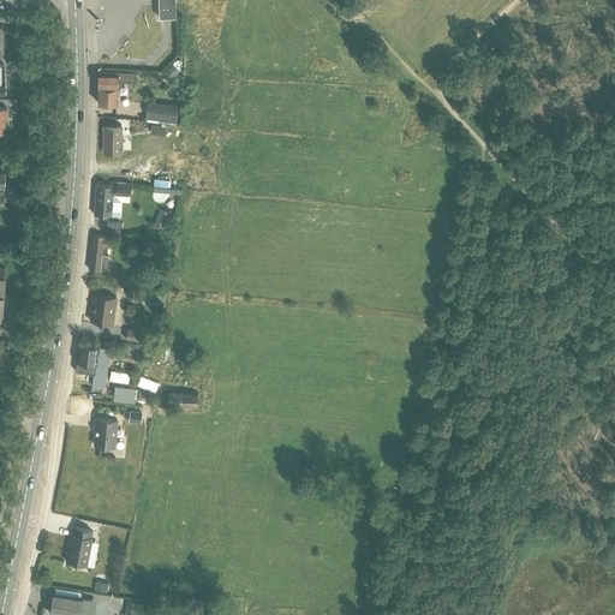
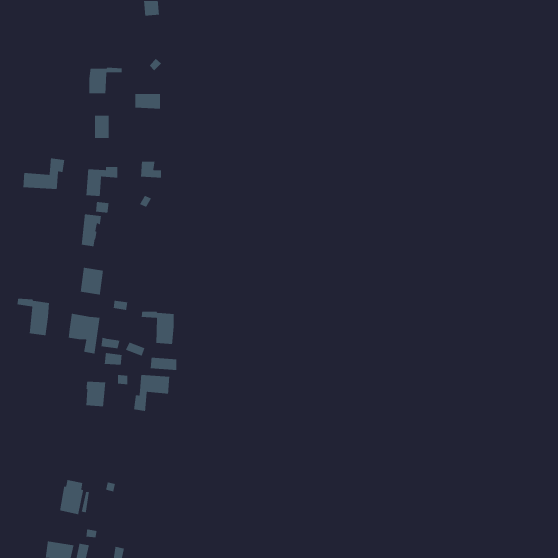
building: none -> [22,158,65,190]
building: none -> [17,298,50,336]
building: none -> [141,311,174,345]
building: none -> [133,374,170,412]

